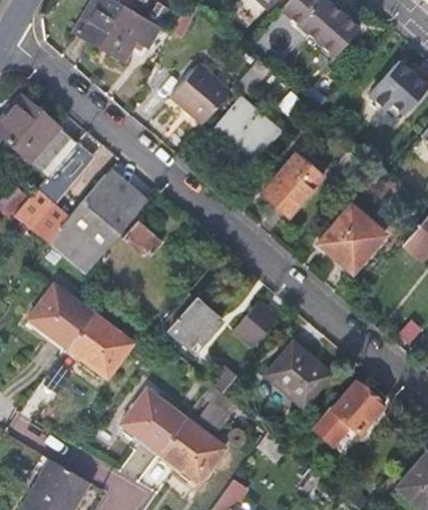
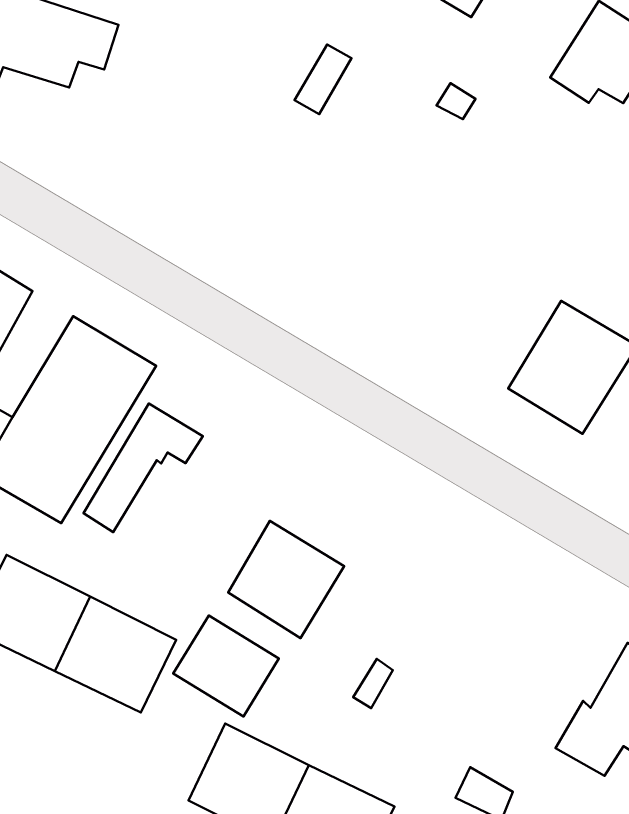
building: [170,65,231,125] -> none
building: [218,101,280,161] -> none
building: [263,157,324,220] -> none
building: [234,304,280,348] -> none
building: none -> [173,616,279,716]
building: [266,343,332,408] -> none

